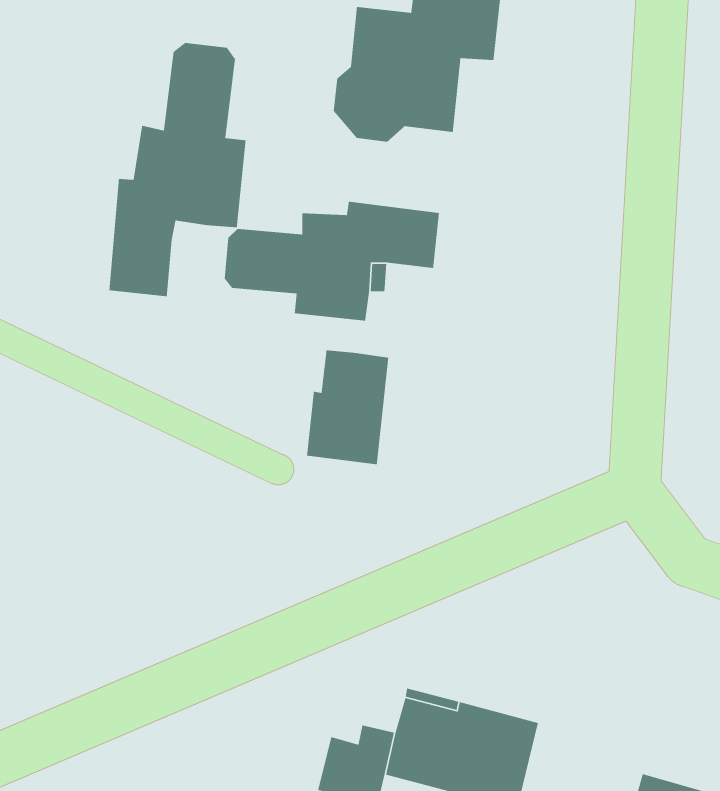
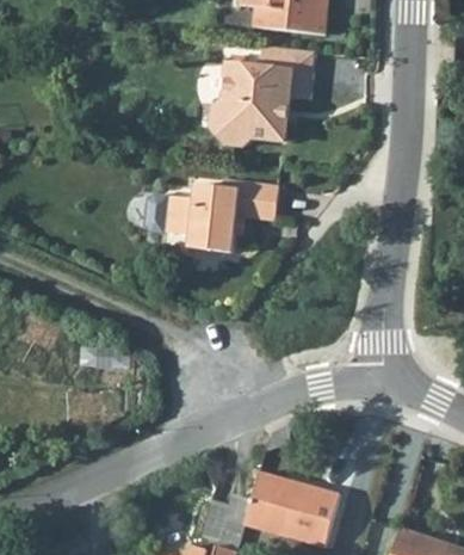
building: [108,42,247,297] -> none
building: [306,349,389,465] -> none

